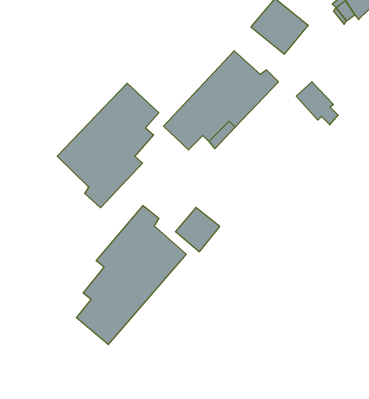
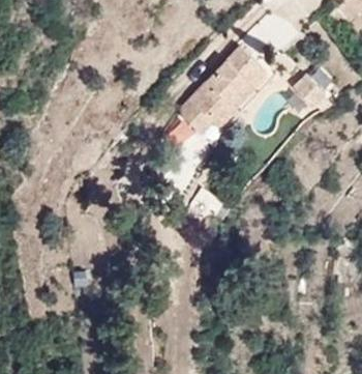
building: [57,83,159,208] -> none
building: [76,206,186,345] -> none

